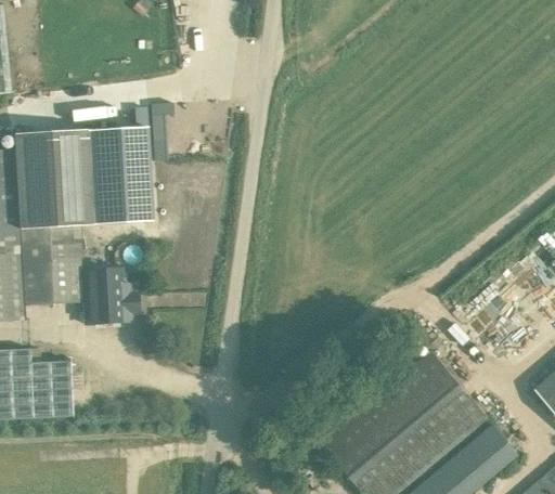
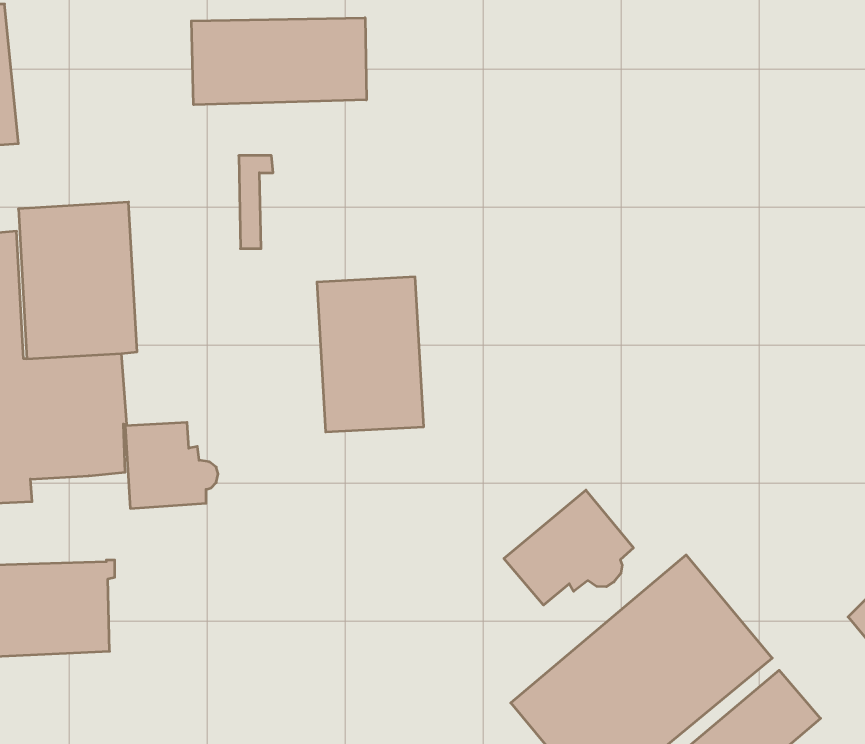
building: none -> [191,18,366,105]
building: [82,127,150,224] -> [317,277,424,432]
building: none -> [504,490,633,605]

